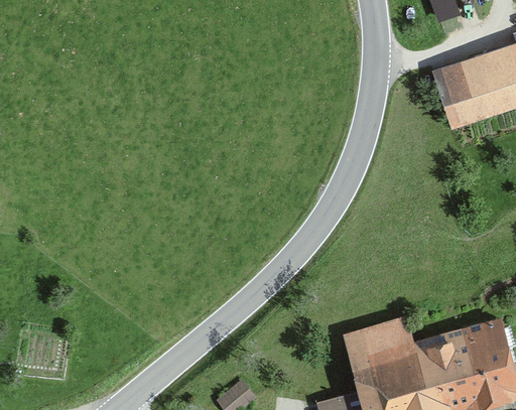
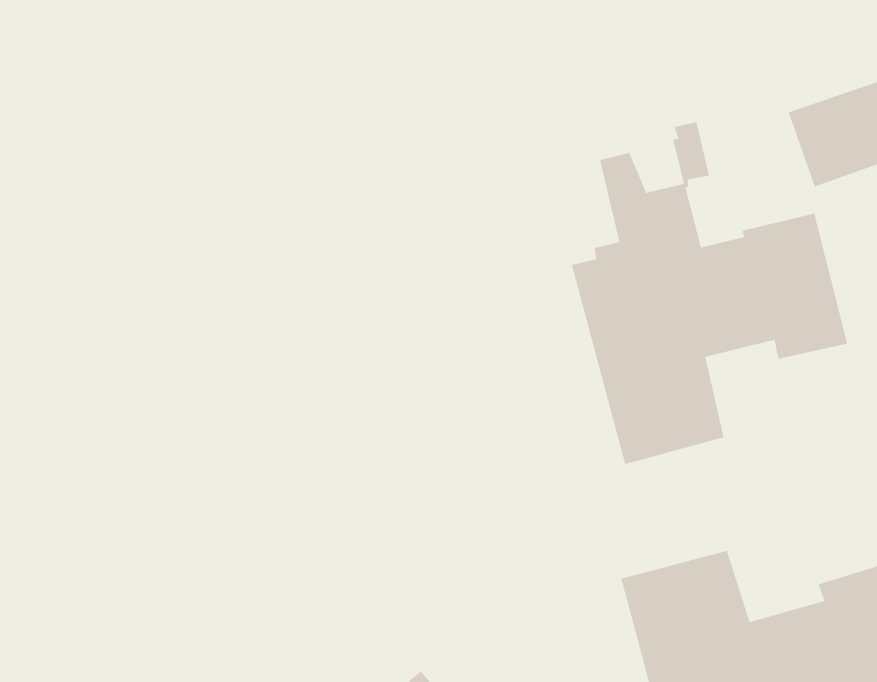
building: none -> [571,121,848,465]

